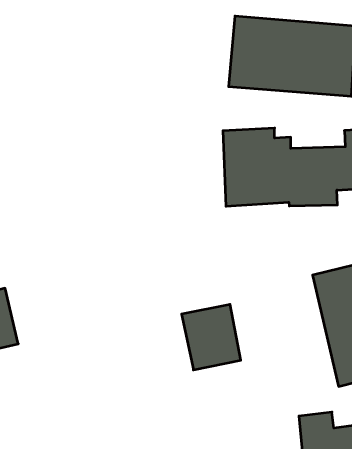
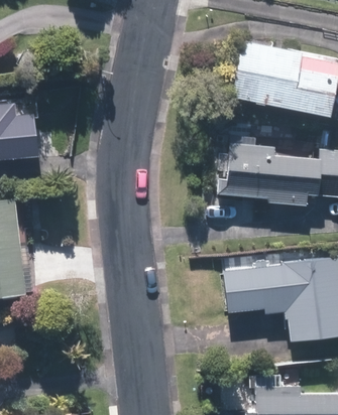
building: [182,304,241,370] -> [236,260,279,309]

